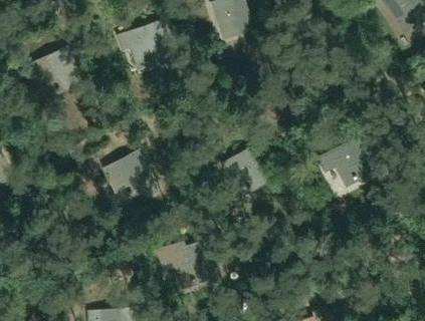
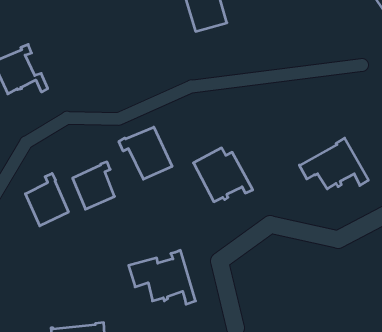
building: [124,23,163,66] -> none
building: none -> [119,127,172,179]
building: none -> [25,173,68,226]

